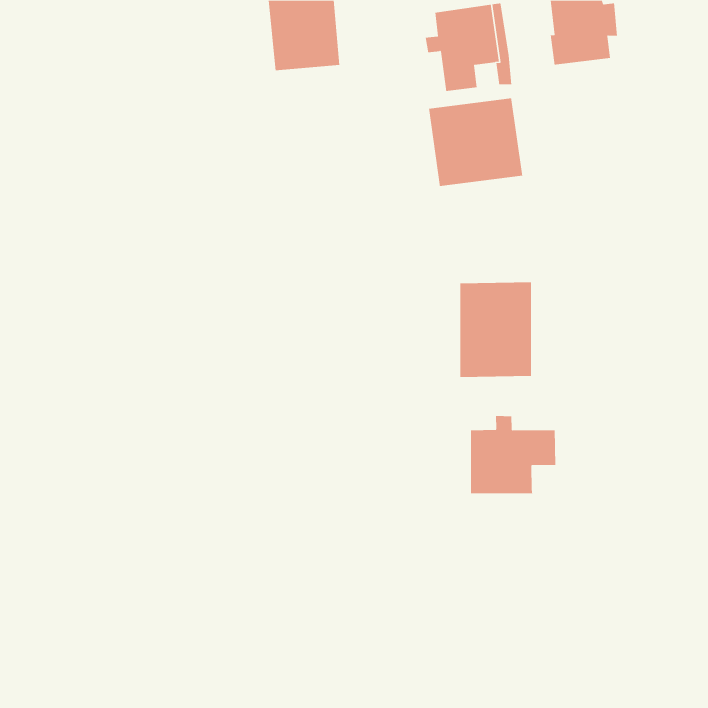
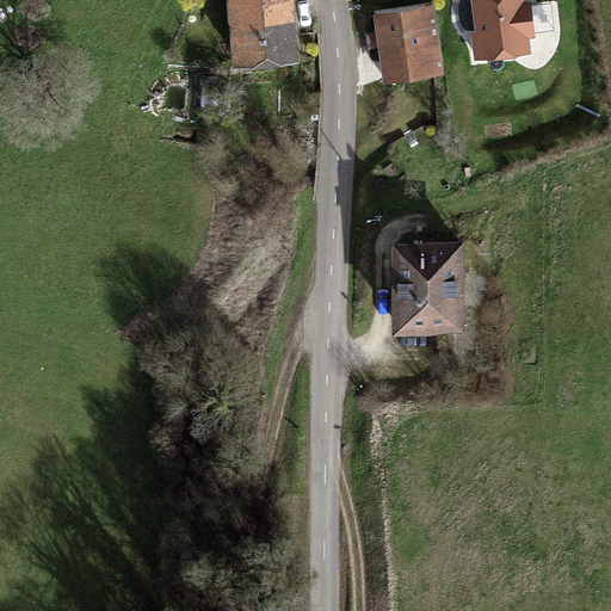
building: [428,98,523,187] -> none
building: [470,415,556,494] -> none

